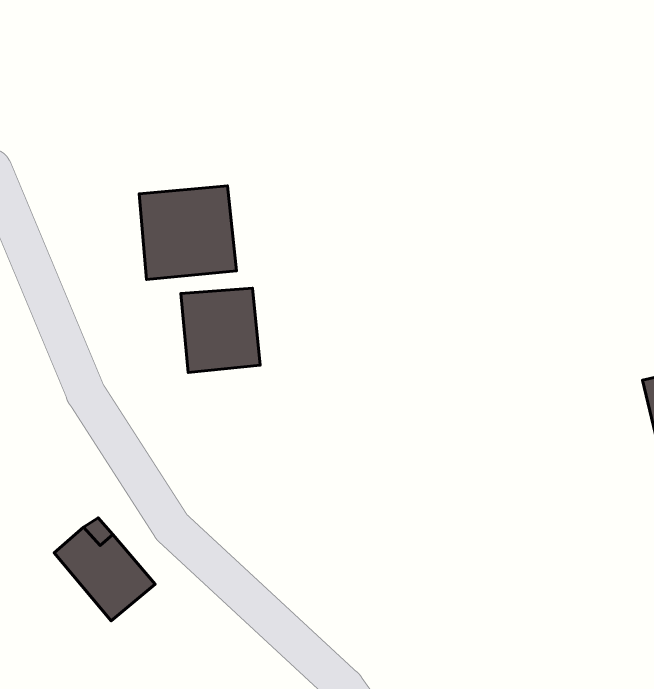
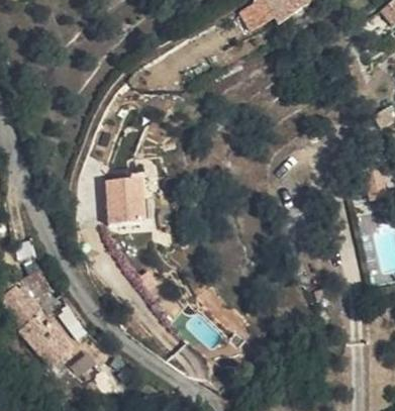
building: [139,186,237,279] -> none

